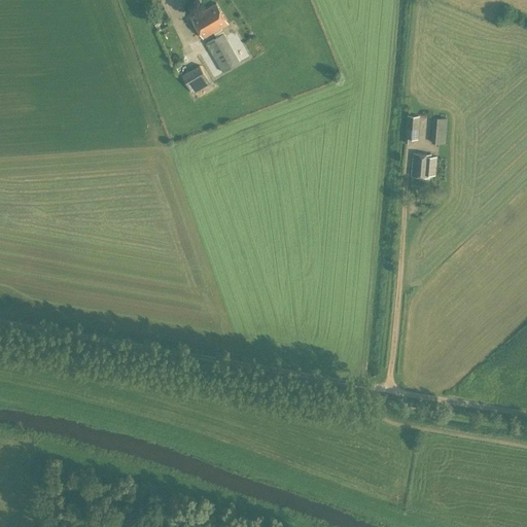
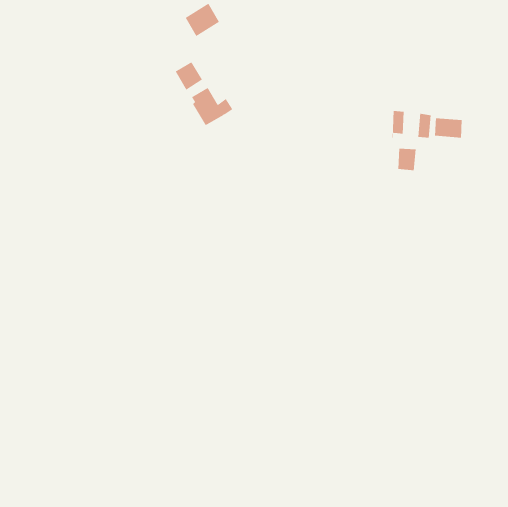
building: [206,34,249,74] -> [191,87,233,126]
building: none -> [435,117,462,138]

